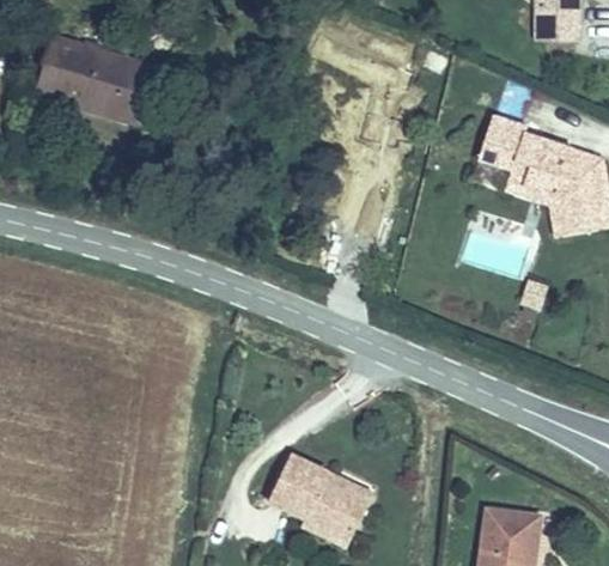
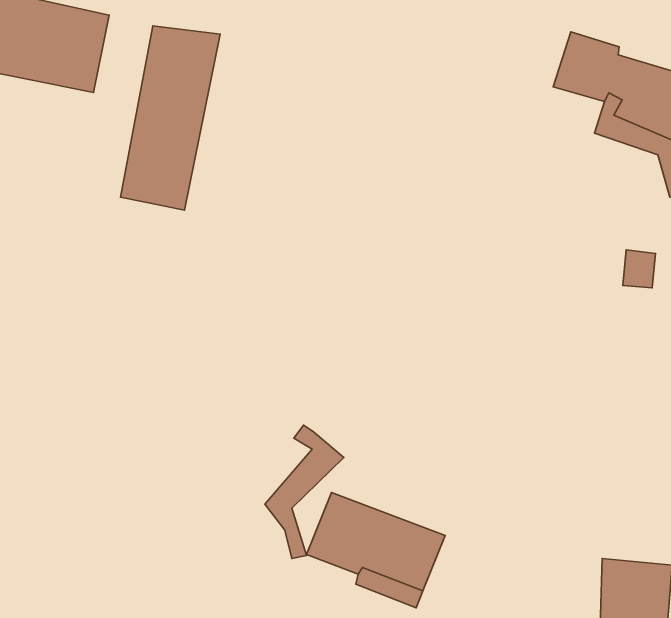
building: none -> [121,26,220,210]
building: none -> [265,425,344,559]

